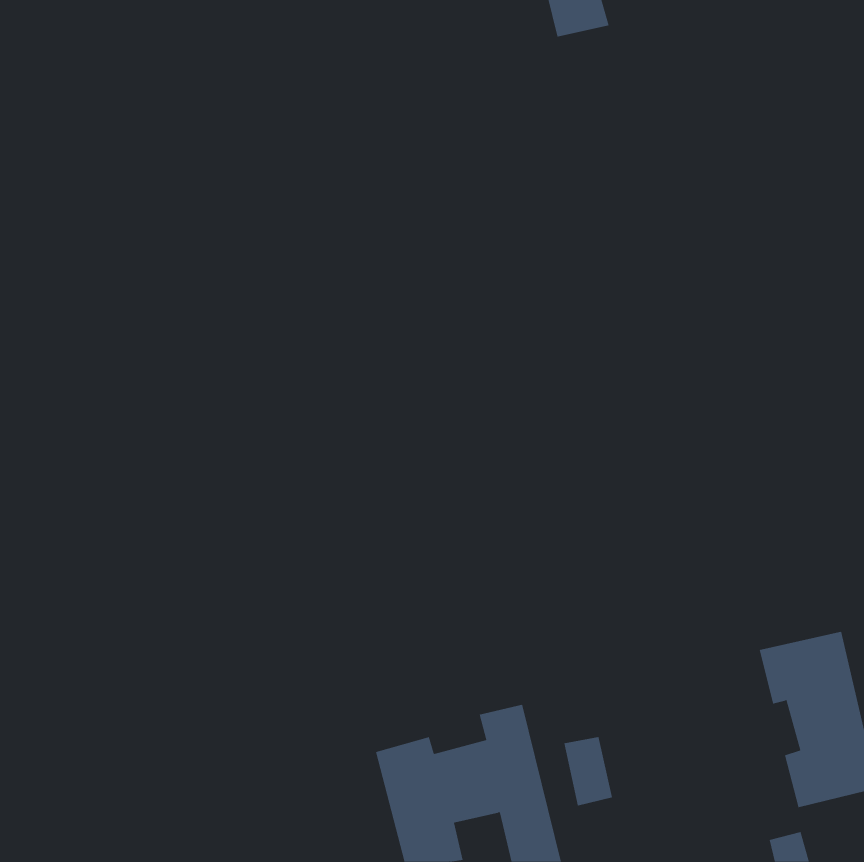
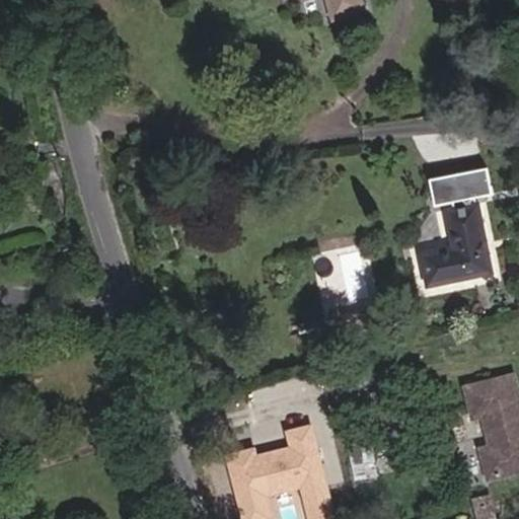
building: none -> [422,169,493,288]

